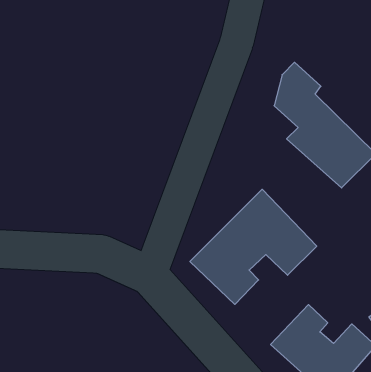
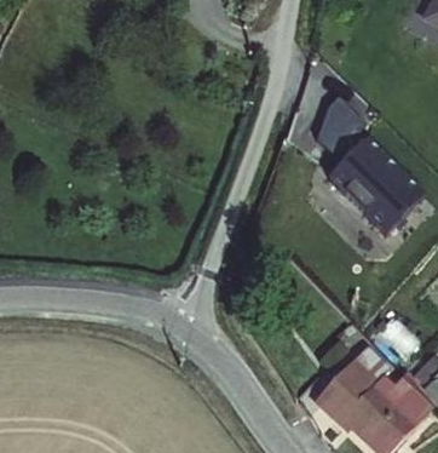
building: [190,189,317,304] -> none

